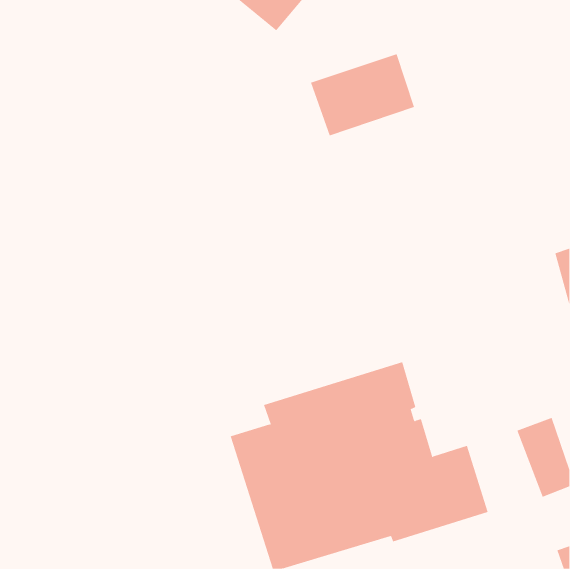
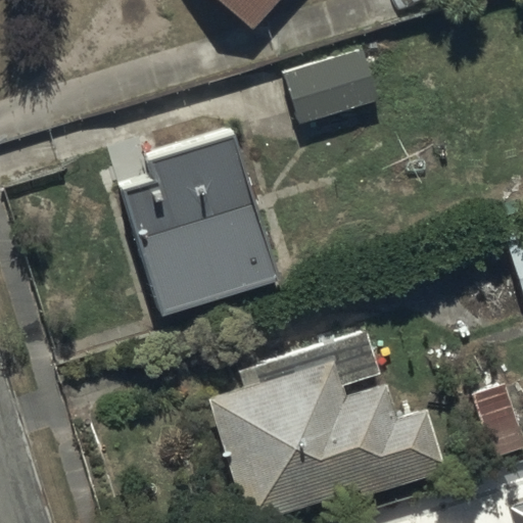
building: none -> [120,133,275,316]

